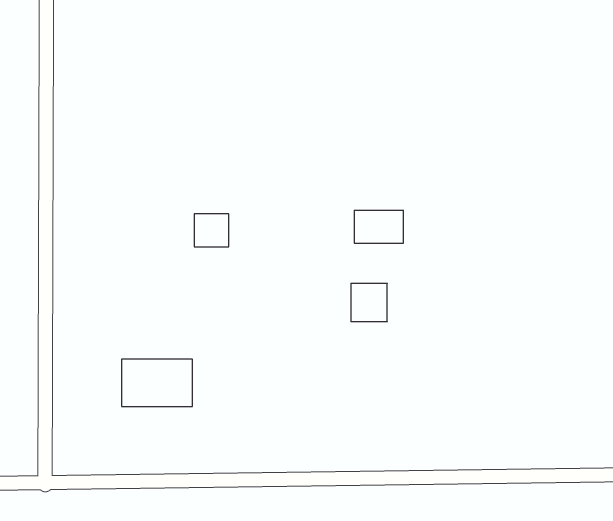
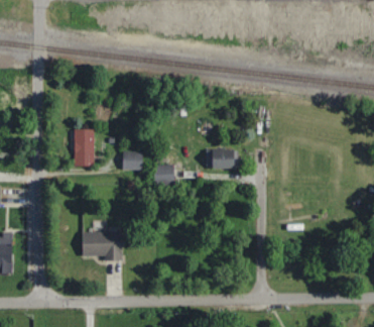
building: none -> [75,129,94,167]
building: [351,283,387,322] -> [154,165,174,186]

